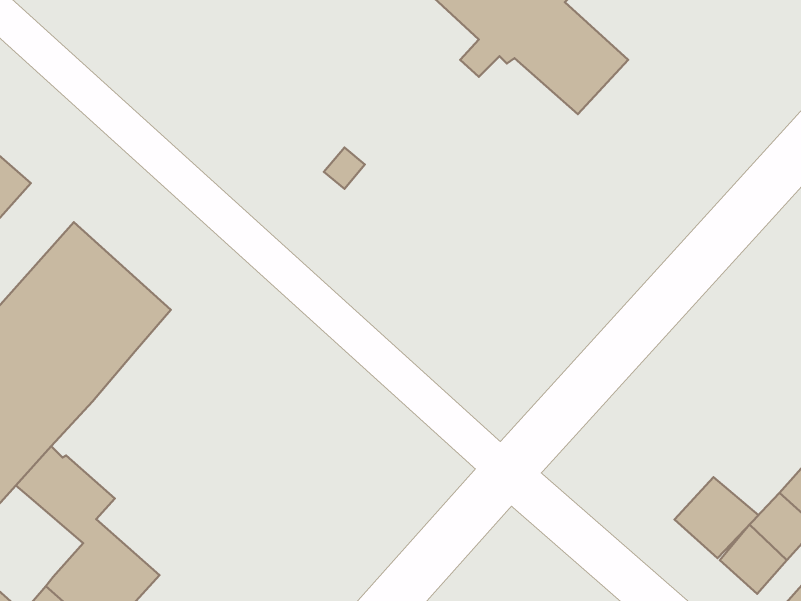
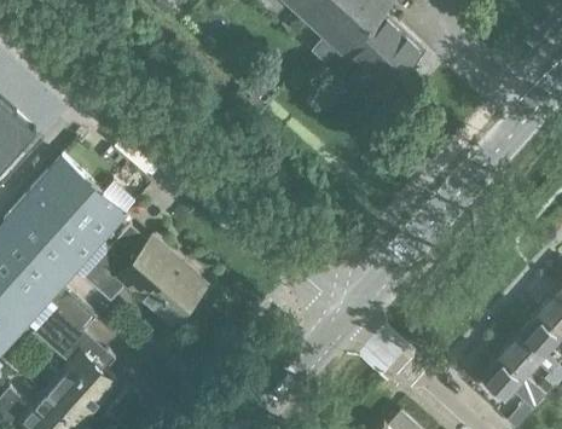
building: none -> [75,238,207,325]
building: [675,477,758,558] -> none

